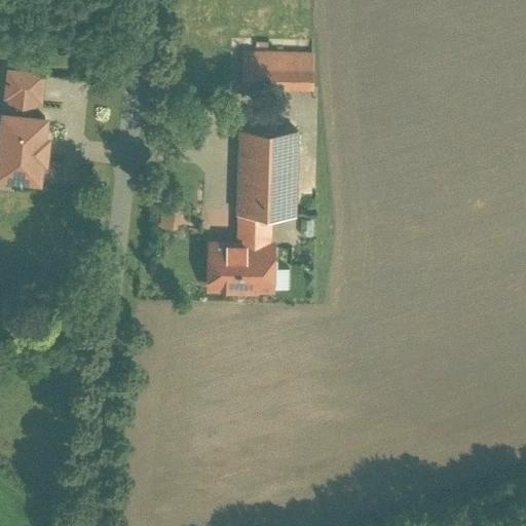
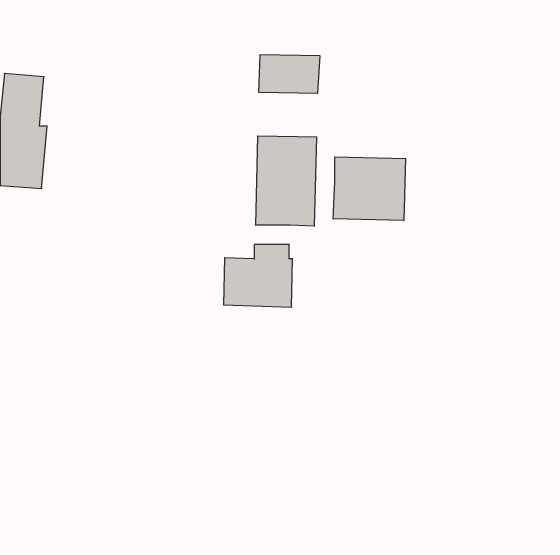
building: none -> [333,157,406,221]
building: [238,216,272,234] -> none

